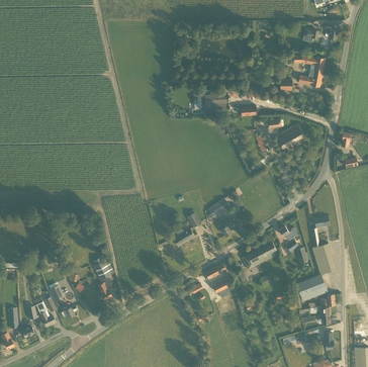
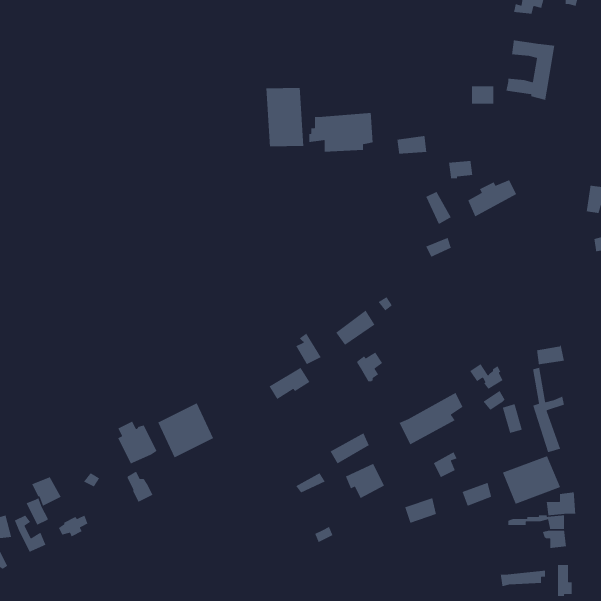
building: none -> [266,87,304,147]
building: none -> [157,402,214,458]

